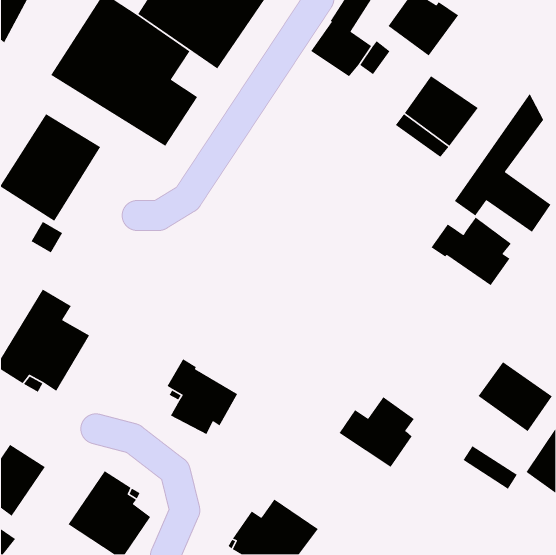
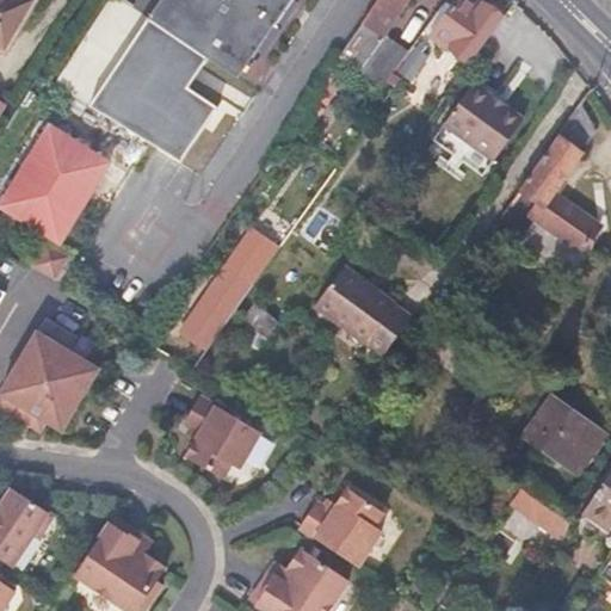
building: none -> [174,226,278,352]
building: [431,217,512,286] -> none
building: none -> [314,264,413,356]
building: [339,396,415,468] -> [301,487,384,566]

